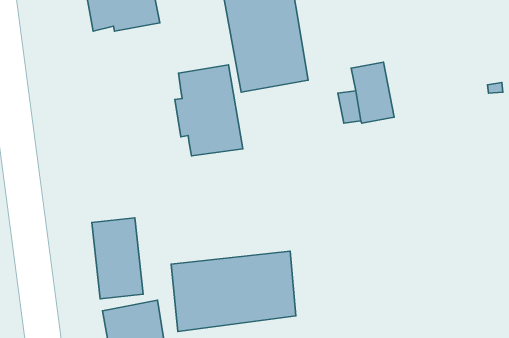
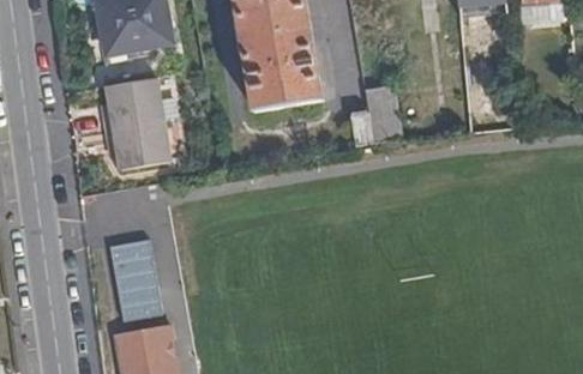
building: [175,65,243,156] -> [102,77,170,168]
building: [171,251,296,332] -> none

